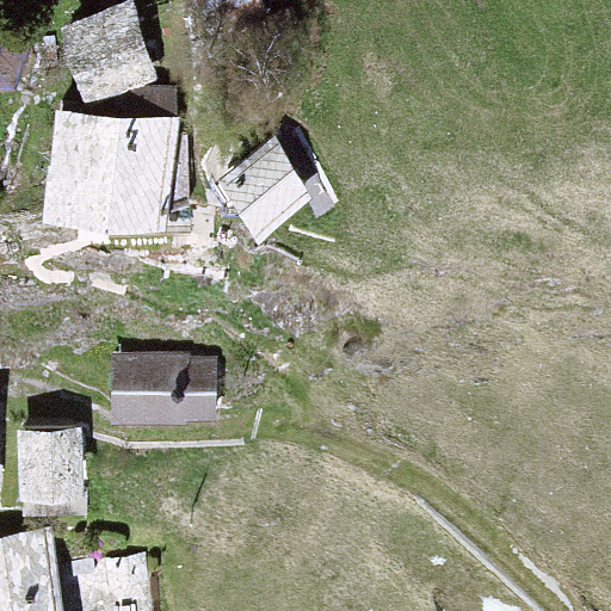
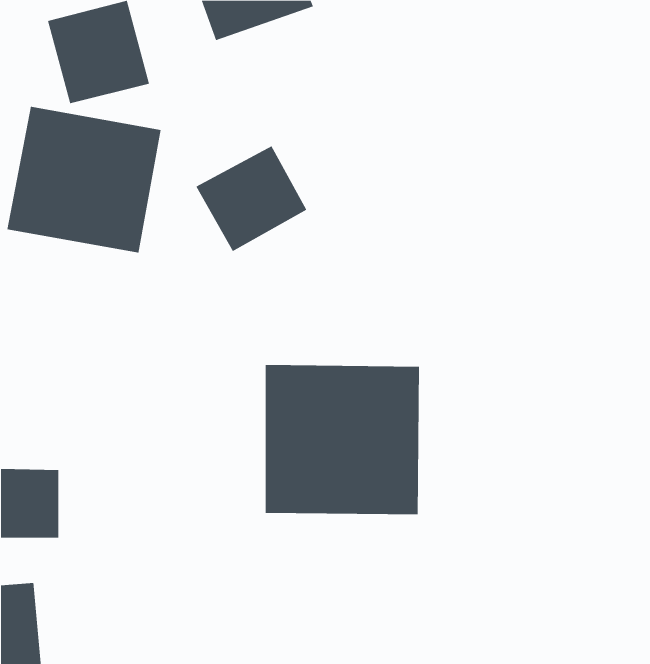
building: none -> [265,364,420,515]
building: [106,360,218,420] -> none

